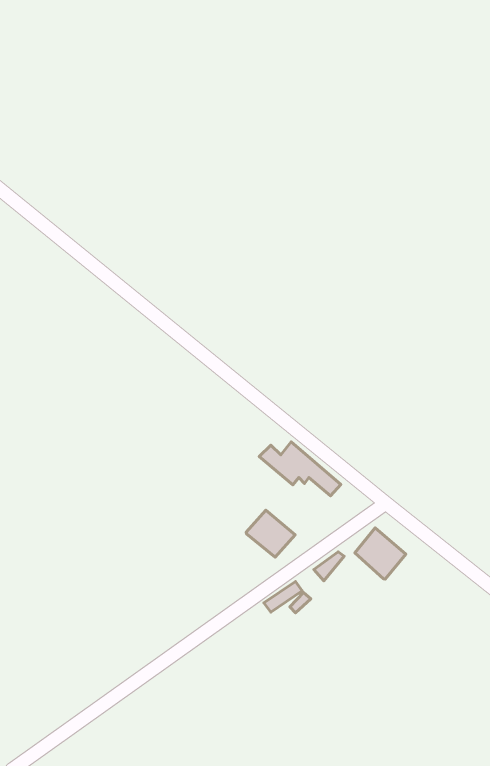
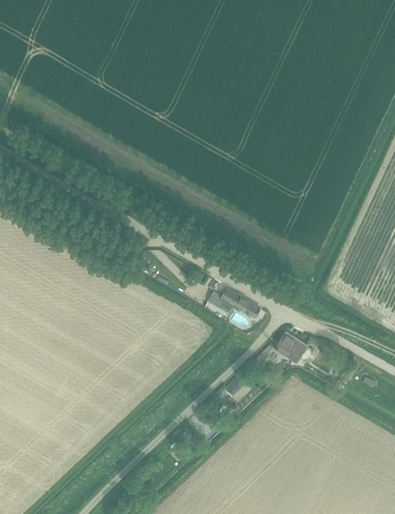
building: [246,510,295,557] -> none

